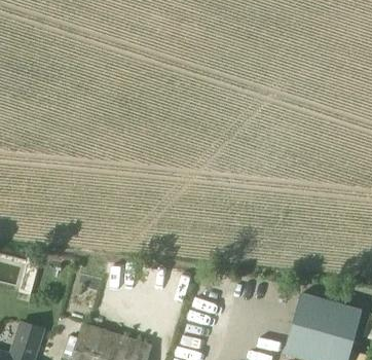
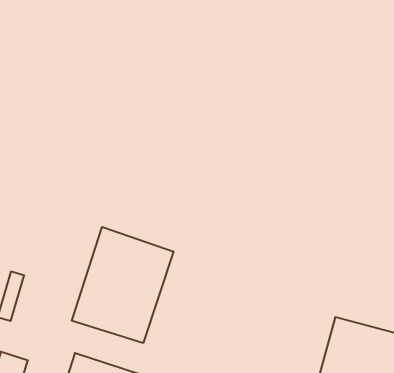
building: none -> [72,227,173,343]

